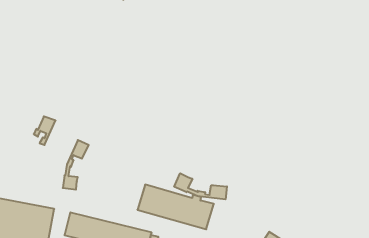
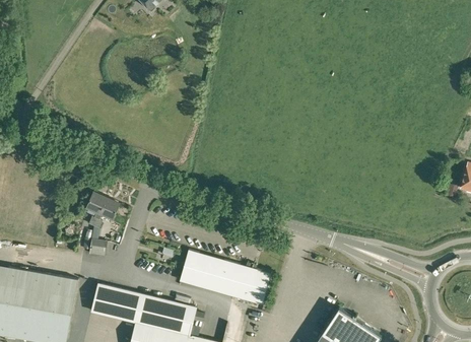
building: [34,116,56,145] -> [80,192,107,226]
building: [174,173,227,199] -> none

